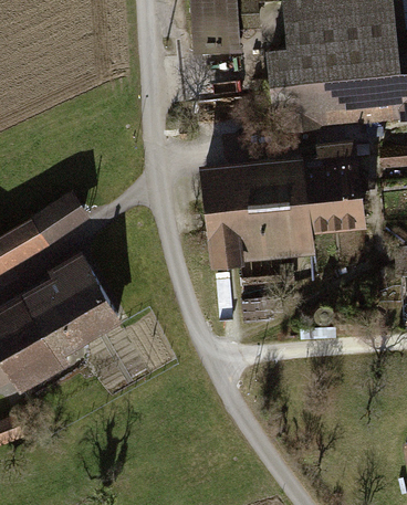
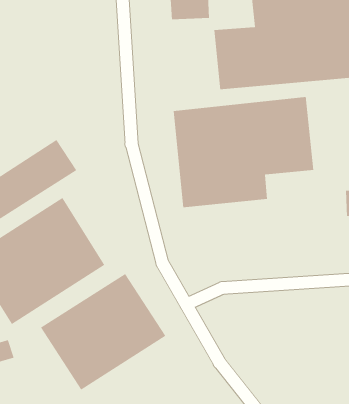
building: none -> [40,273,166,390]

